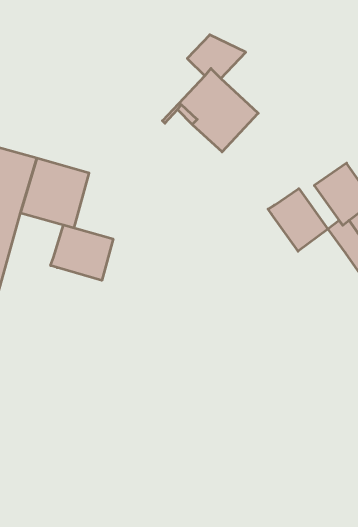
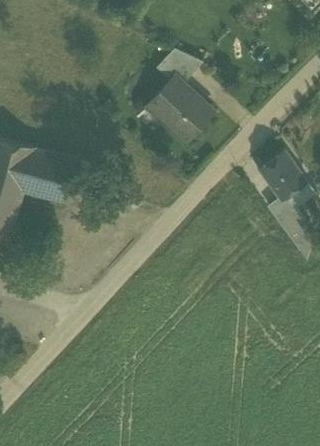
building: [268,189,328,251] -> none
building: [51,225,113,280] -> none

